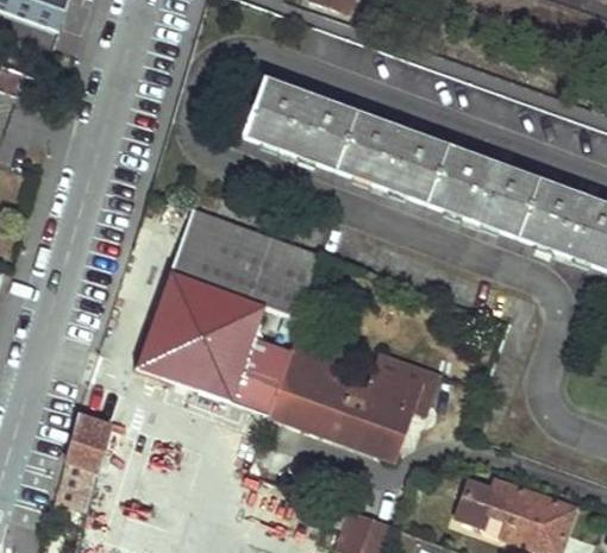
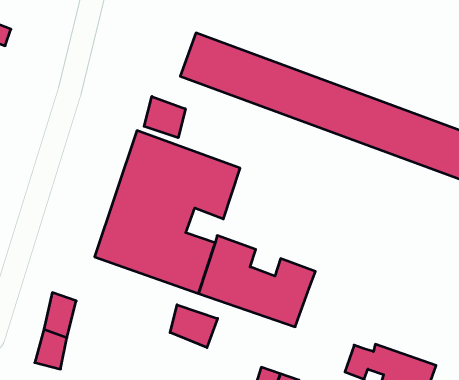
building: none -> [144,96,185,138]
building: [375,356,438,413] -> none
building: none -> [170,305,218,348]

